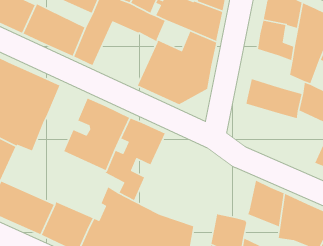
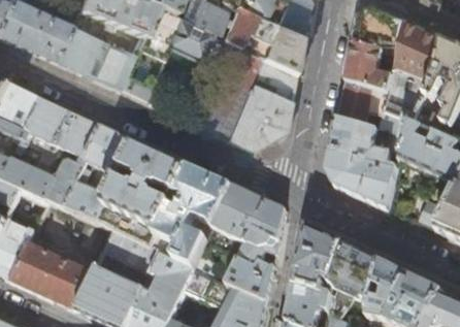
building: none -> [339,80,405,135]
building: none -> [87,125,135,175]
building: none -> [329,149,397,209]
building: none -> [67,172,116,221]
building: none -> [213,185,288,300]
building: none -> [296,226,344,290]
building: none -> [104,228,161,272]

